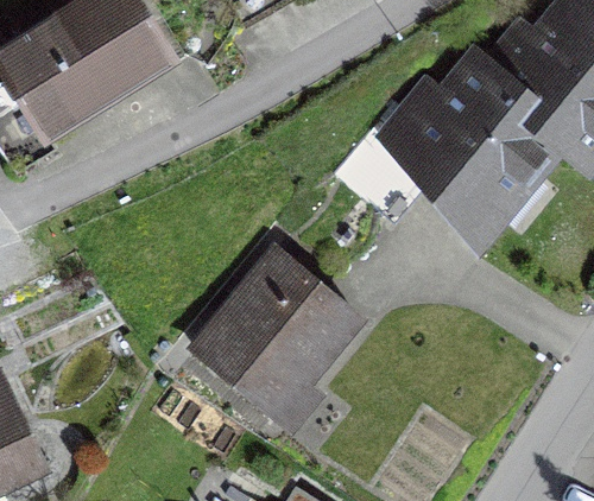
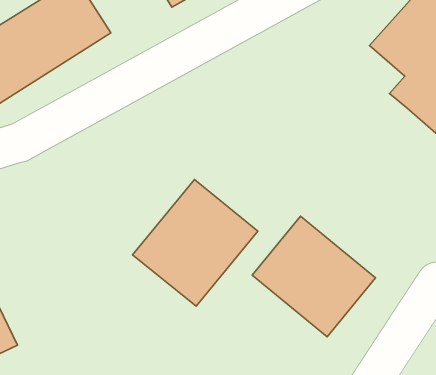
building: [380,40,554,233] -> none
building: none -> [252,216,376,337]

